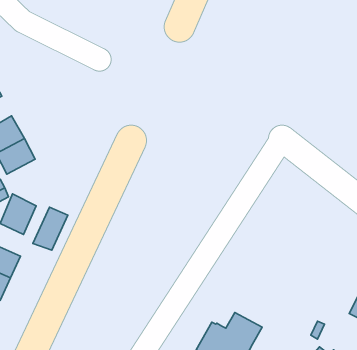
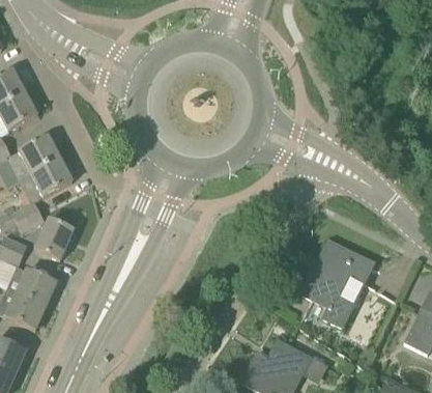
building: [33,207,68,250] -> none
building: none -> [301,242,373,328]

